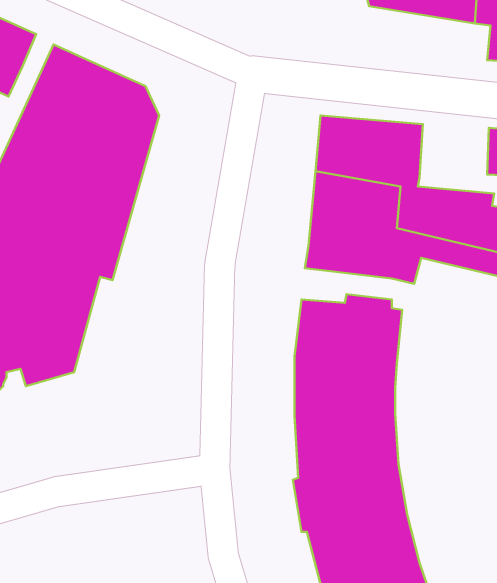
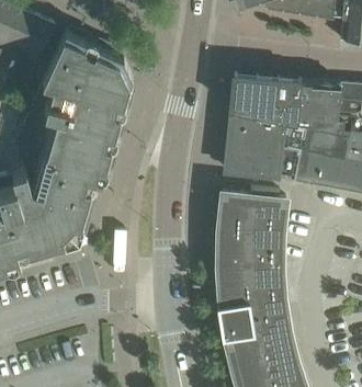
building: none -> [297,82,341,118]

